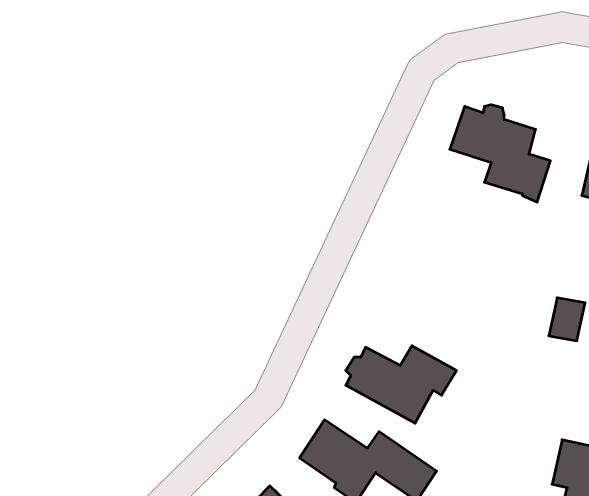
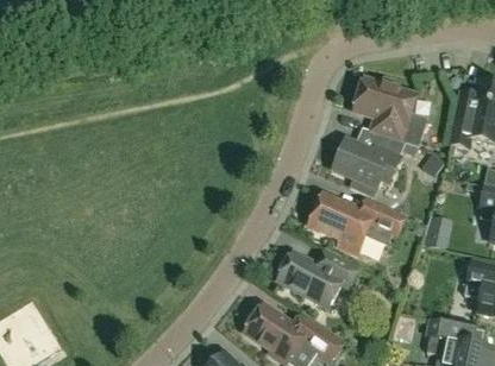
building: none -> [333,132,406,191]
building: none -> [309,193,406,251]

